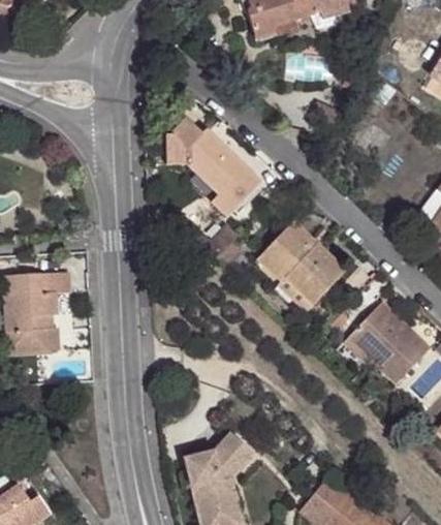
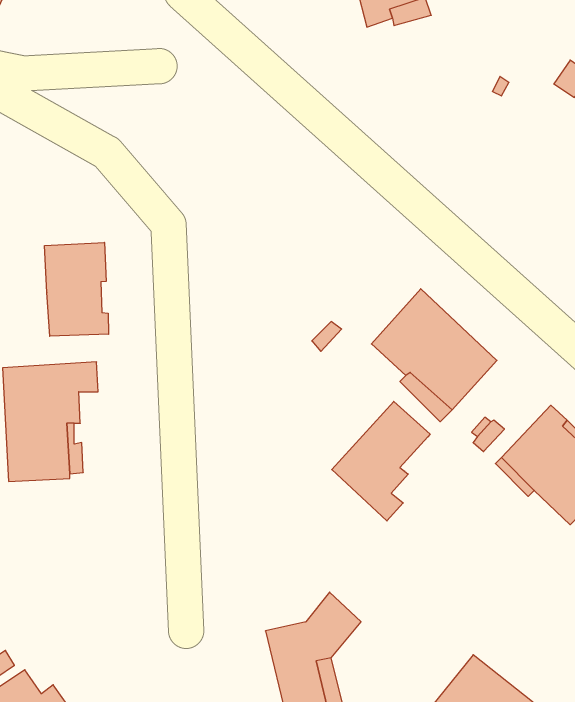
building: [165,119,260,217] -> none
building: none -> [45,242,109,336]
building: none -> [332,401,430,521]

